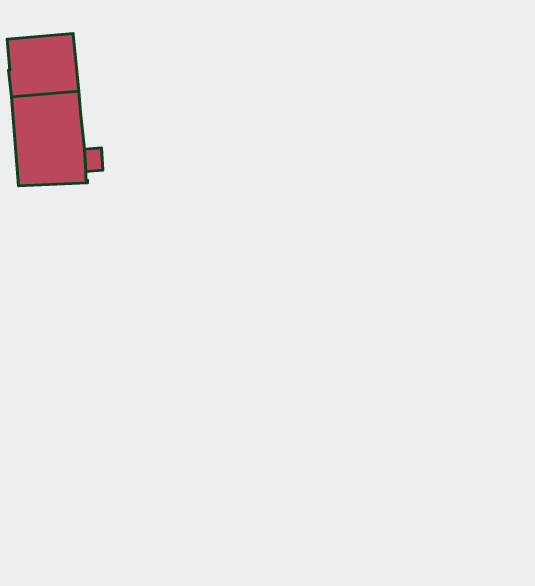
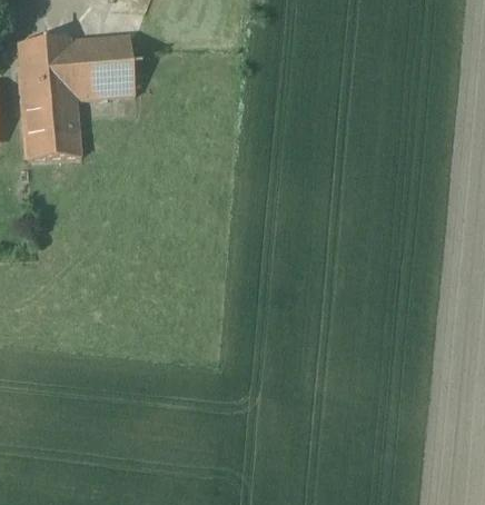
building: none -> [70,33,135,99]

